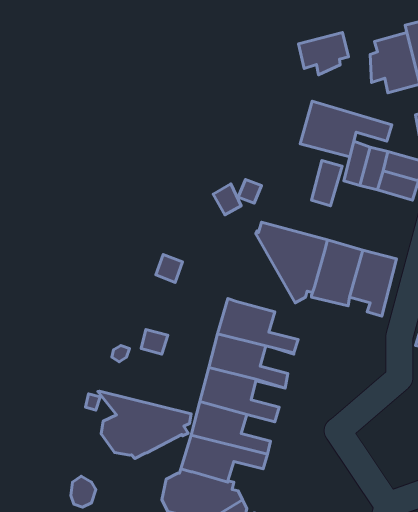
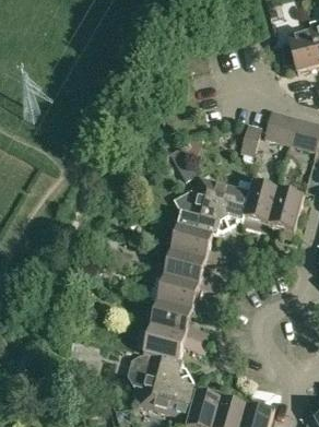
building: [298,32,348,75] -> none
building: [300,101,392,157] -> none
building: none -> [173,177,227,236]
building: [98,391,191,459] -> none

